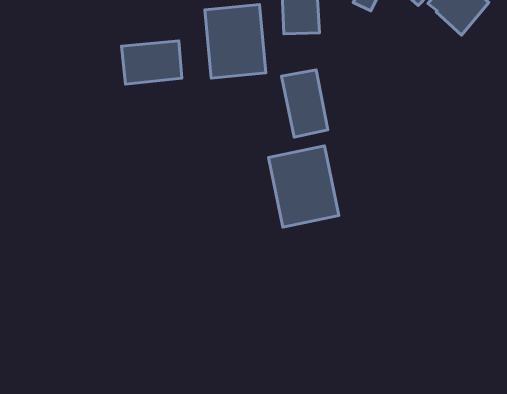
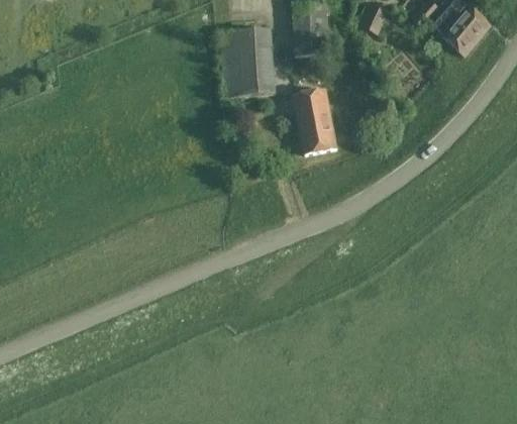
building: [121,41,182,84] -> none
building: [269,146,339,227] -> none

